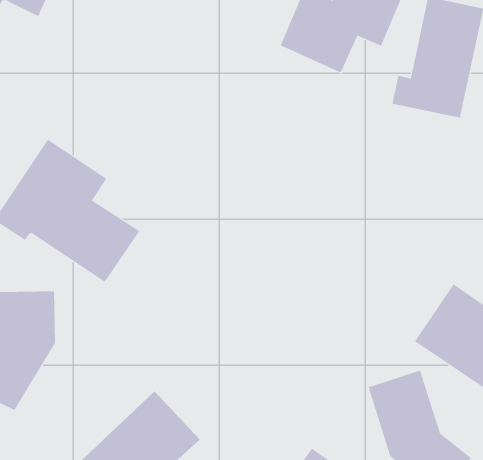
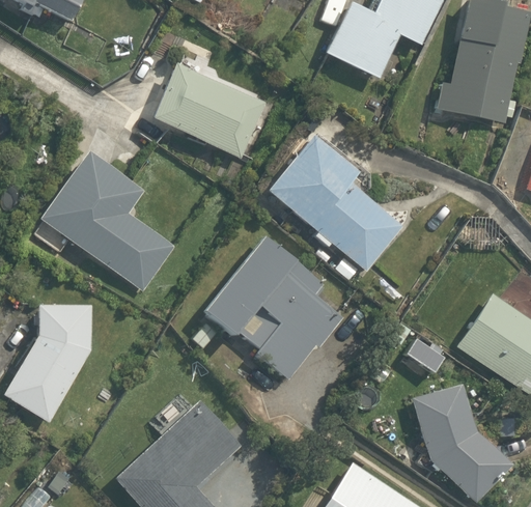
building: none -> [150,61,268,160]
building: none -> [263,132,409,274]
building: none -> [199,234,353,387]

